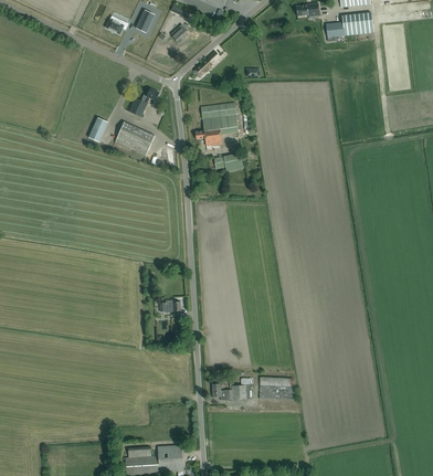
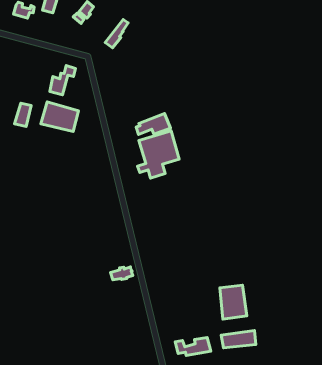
building: [196,102,239,146] -> [138,131,179,178]
building: none -> [220,285,247,319]

